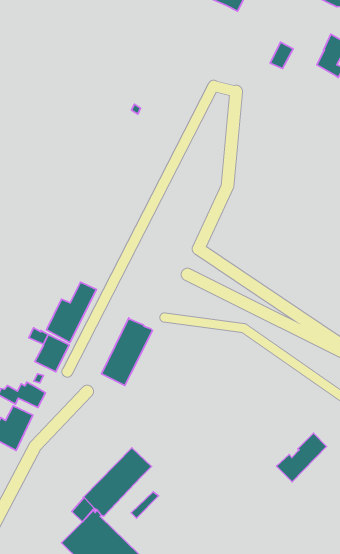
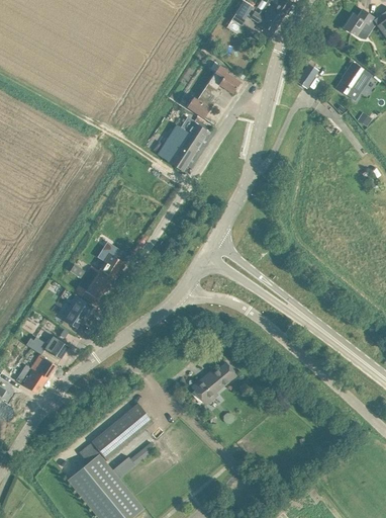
building: none -> [187,63,240,119]
building: none -> [158,122,209,172]
building: [101,318,152,386] -> none
building: [277,433,327,482] -> [191,362,236,403]

